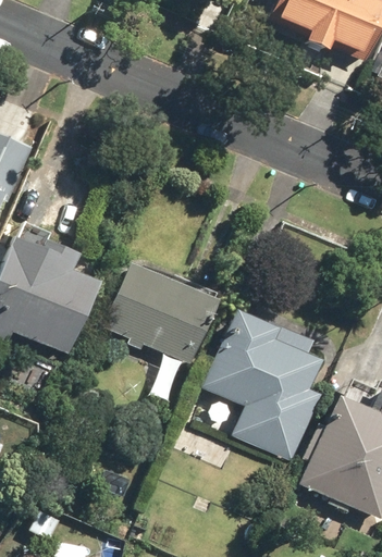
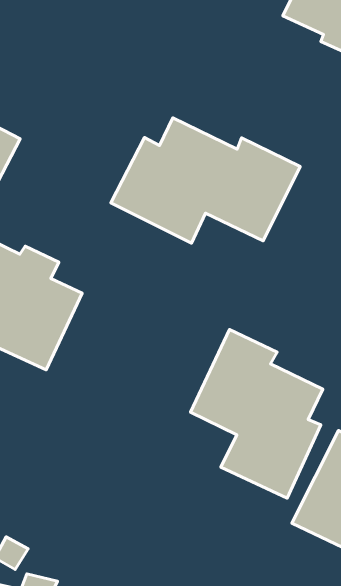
building: none -> [111,118,300,243]
building: [102,261,221,363] -> none

